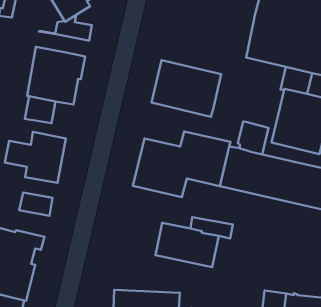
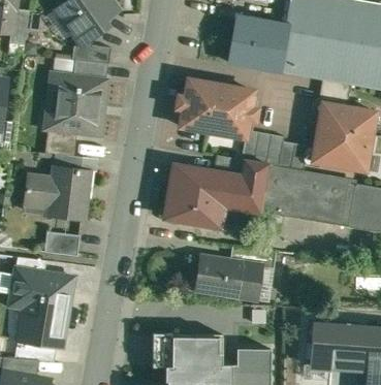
building: none -> [228,21,285,72]
building: none -> [73,60,107,82]
building: none -> [241,130,284,165]

